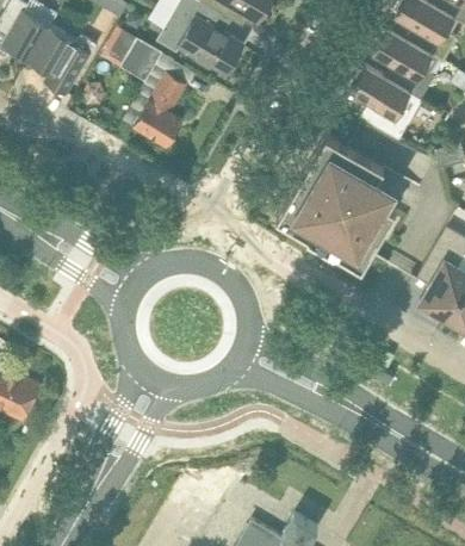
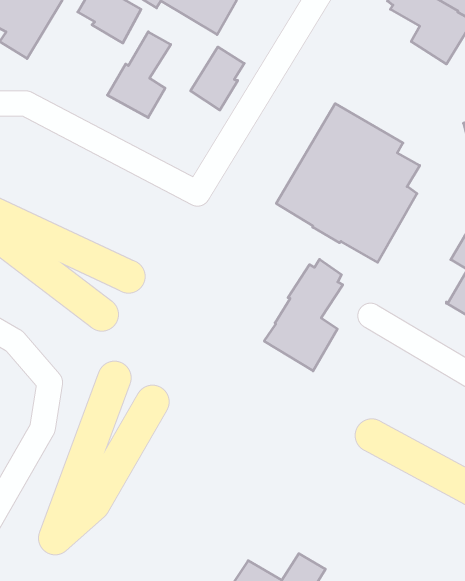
building: [347,66,420,137] -> none
building: none -> [191,47,244,110]
building: none -> [264,259,343,371]

